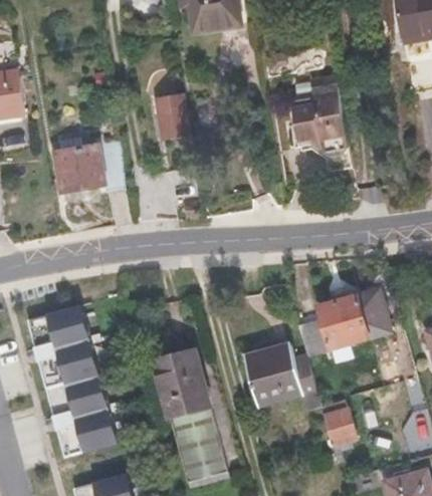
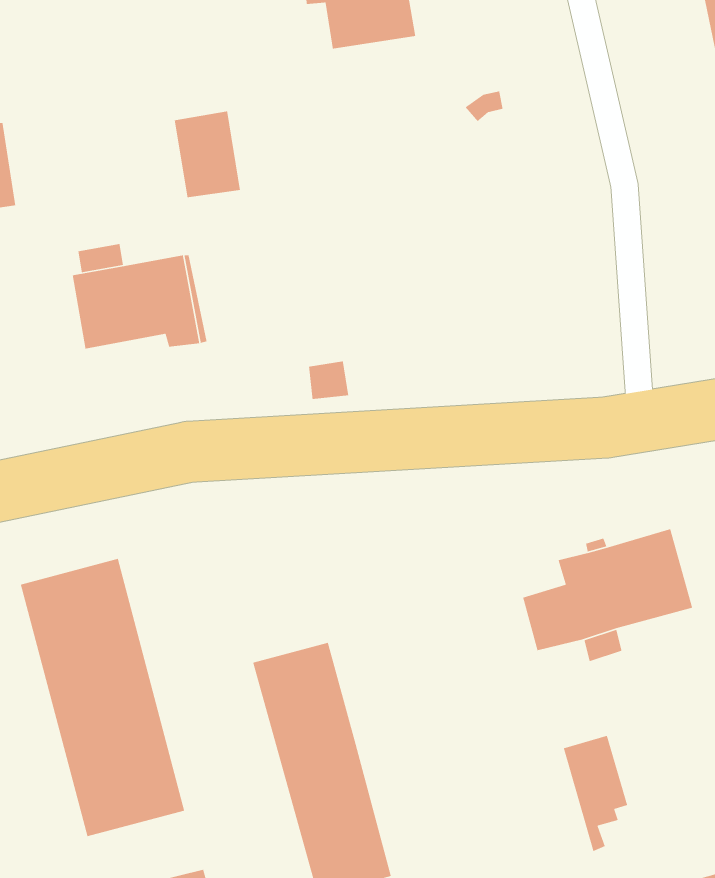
building: [292,75,353,172] -> none
building: [156,92,192,140] -> [174,111,241,198]
building: [245,343,319,408] -> none

